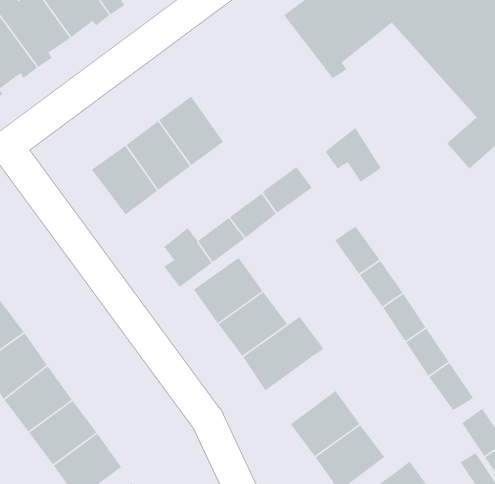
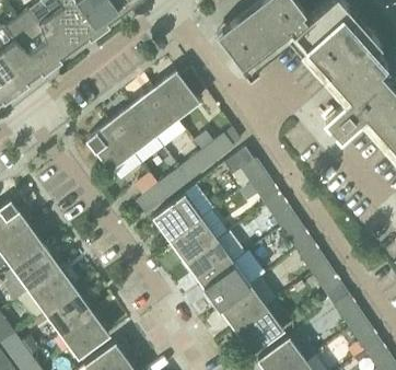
building: none -> [154,69,207,118]
building: [324,127,382,183] -> [225,147,264,184]
building: none -> [203,262,251,307]

